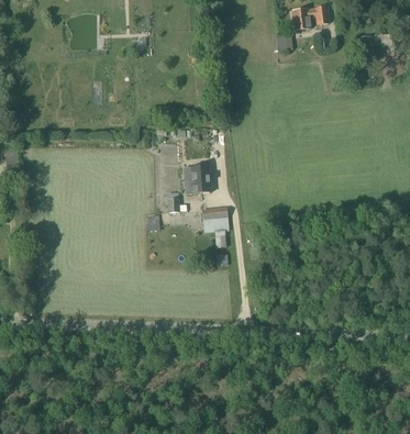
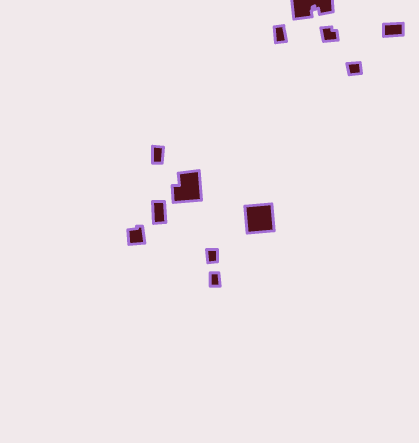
building: [202,207,229,233] -> [245,204,274,233]

